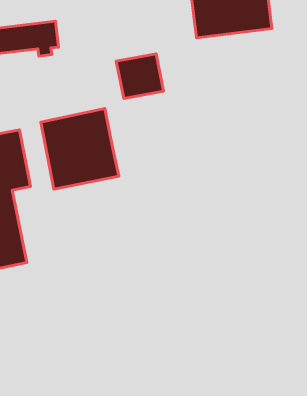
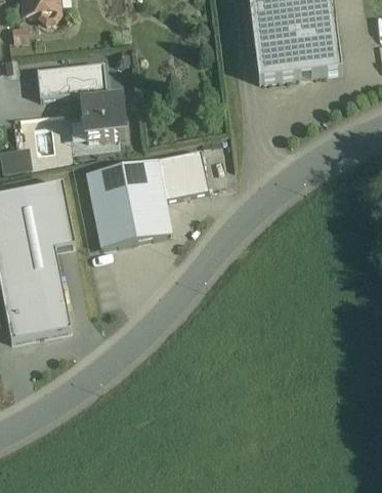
building: none -> [82,95,124,137]
building: [116,54,164,98] -> [157,149,209,198]

